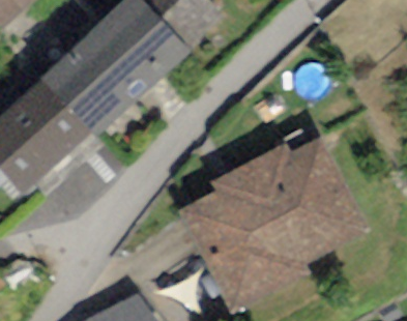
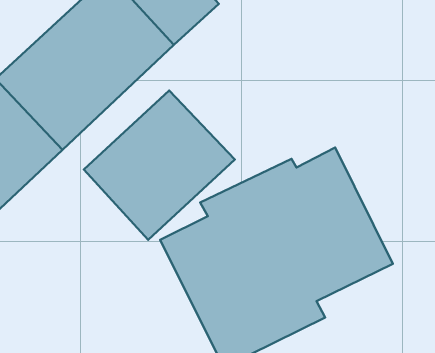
building: none -> [84,91,235,240]

